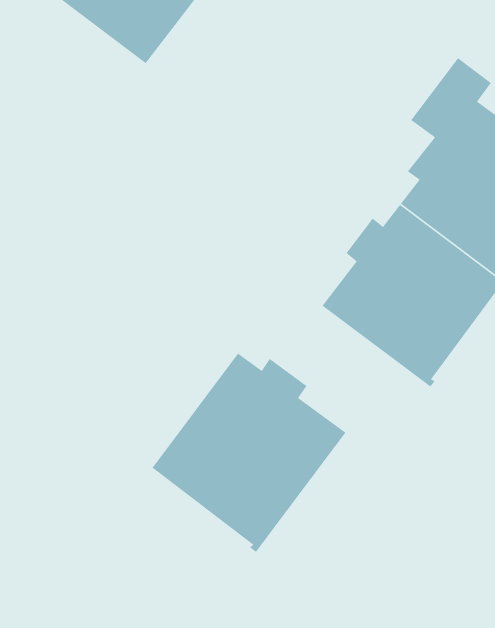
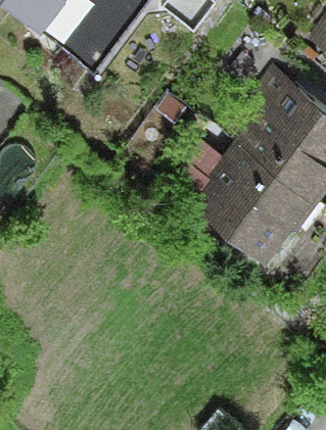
building: [152,353,347,553] -> none

